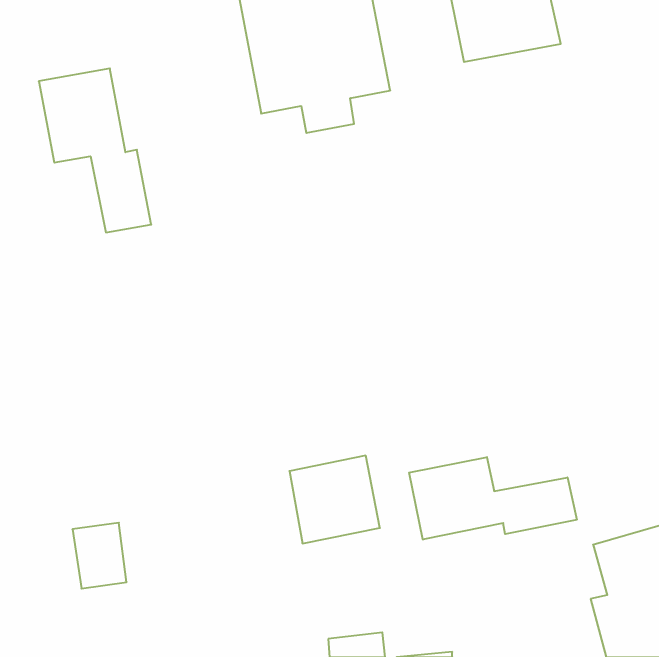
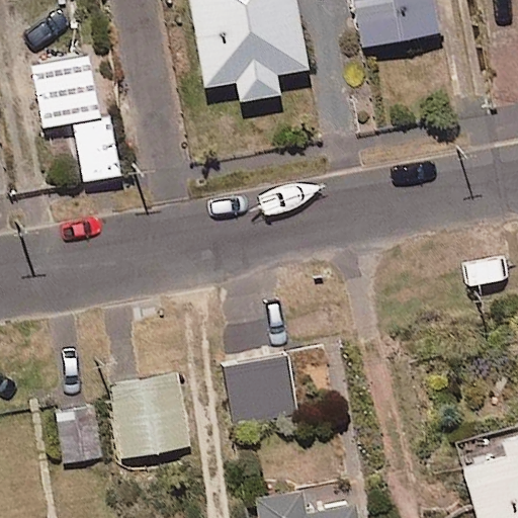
building: [409,457,577,540] -> none
building: none -> [112,373,190,457]

